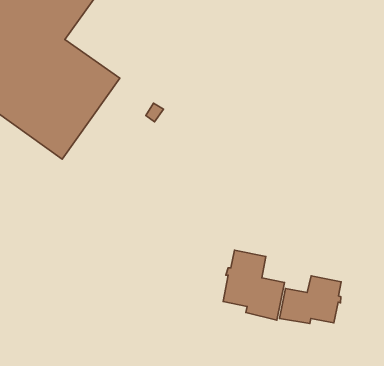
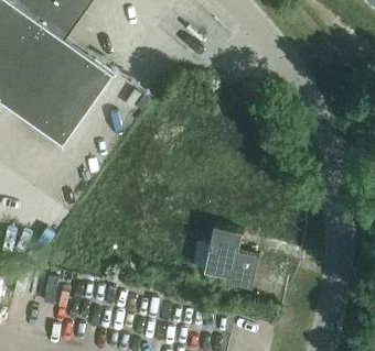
building: [280,276,341,324] -> none

